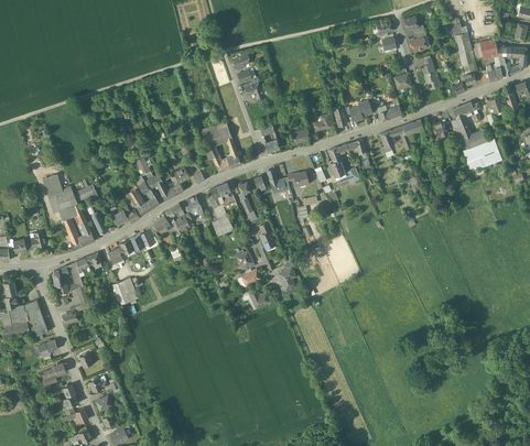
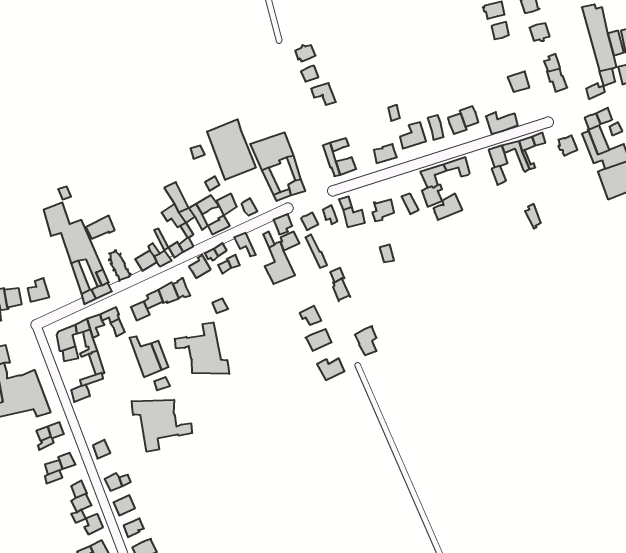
building: none -> [207,119,256,180]
building: none -> [175,322,229,374]
building: none -> [132,400,192,452]

